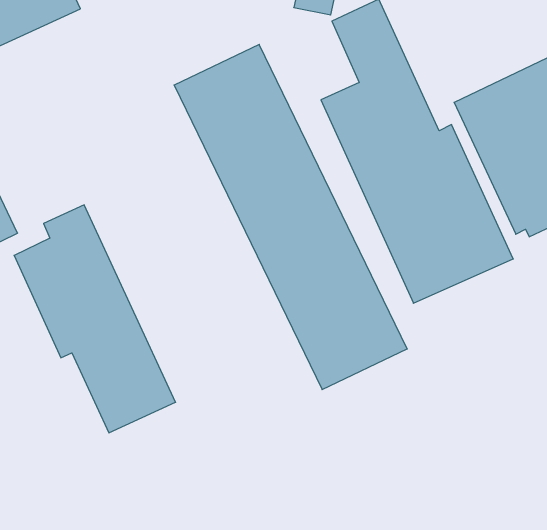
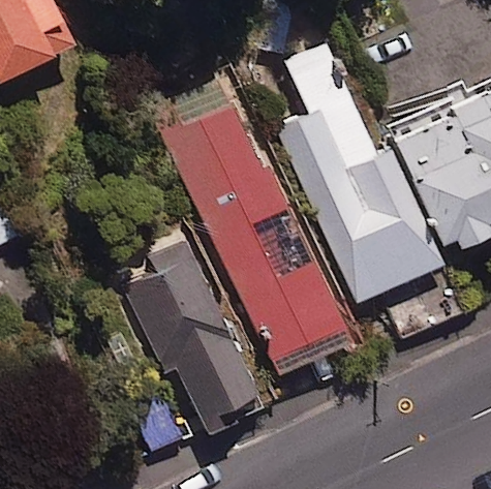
building: [14,205,176,433] -> [127,240,263,431]

